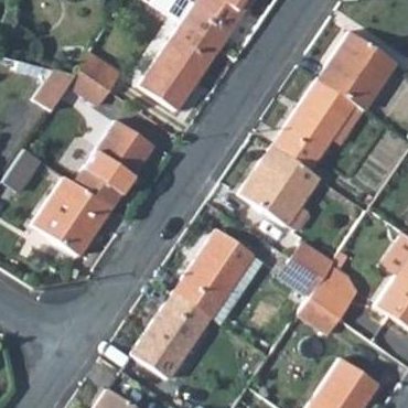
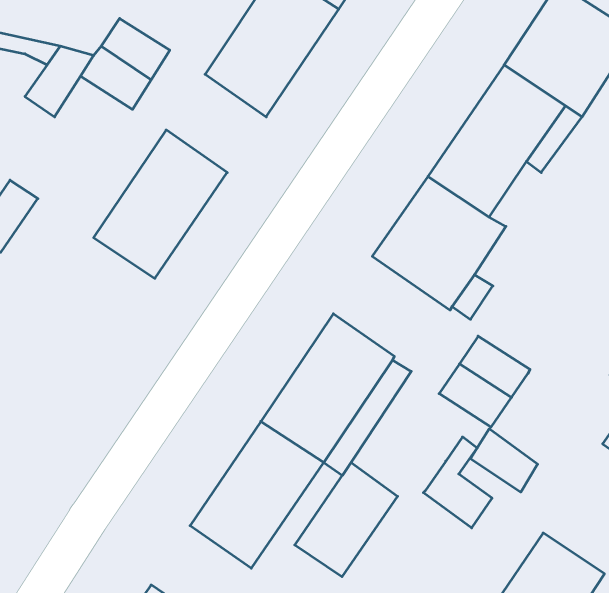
building: [33,176,111,256] -> none
building: [310,264,351,318] -> [423,437,492,528]
building: none -> [295,463,398,577]

